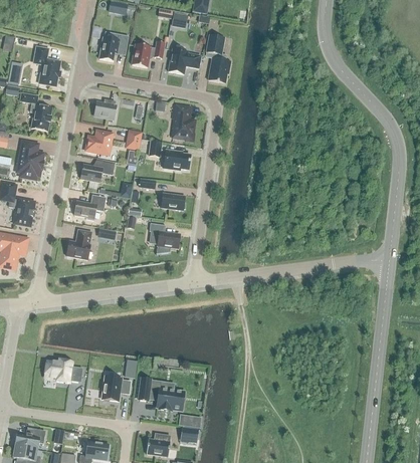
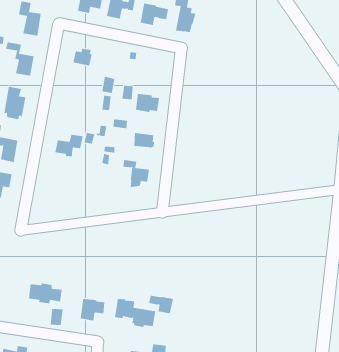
building: [172,104,194,141] -> none
building: [85,130,112,154] -> none
building: [80,161,114,182] -> none
building: [66,229,91,259] -> none
building: none -> [148,295,174,314]

